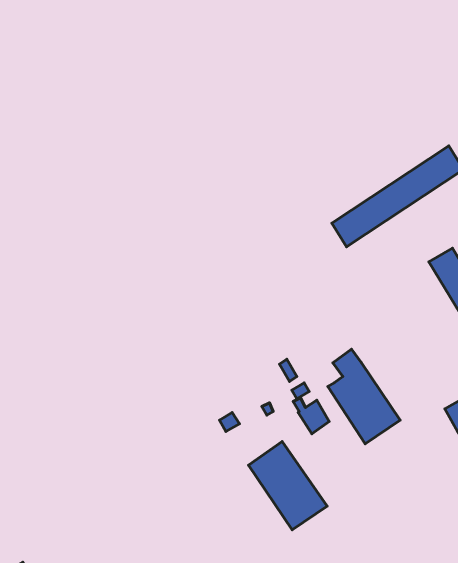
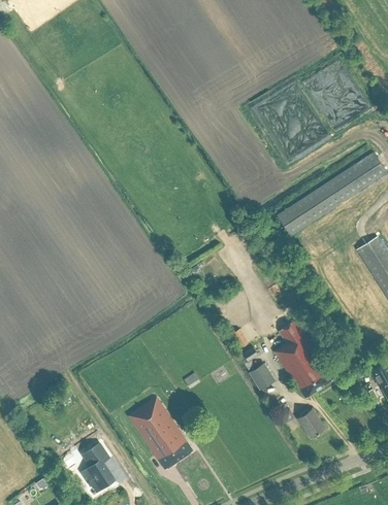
building: [249,442,327,530] -> [128,397,193,470]
building: none -> [297,409,325,438]
building: none -> [80,443,115,491]

